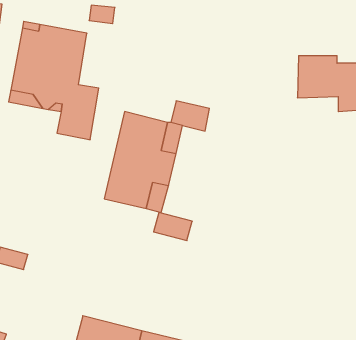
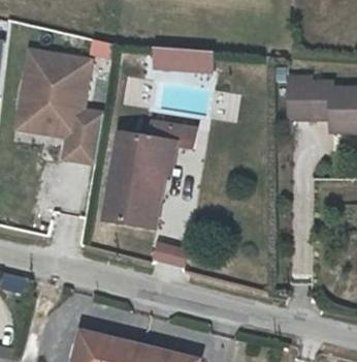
building: none -> [153,42,215,67]

